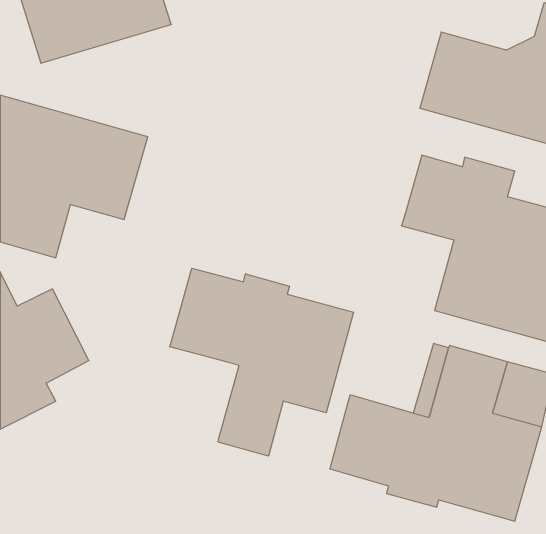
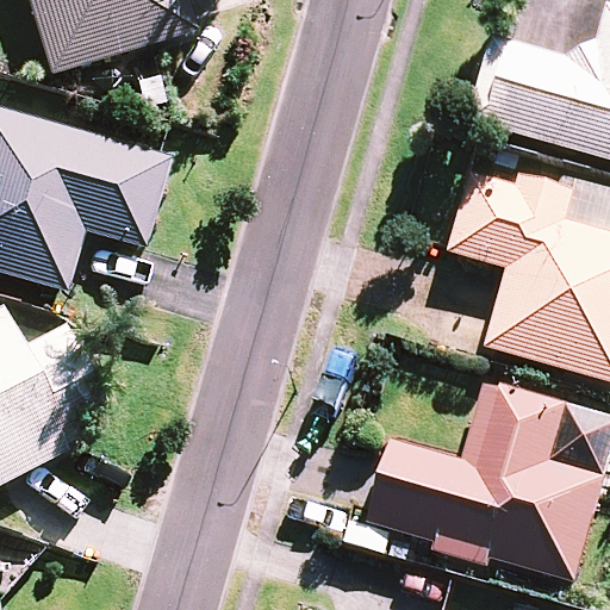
building: [170,268,353,456] -> none

